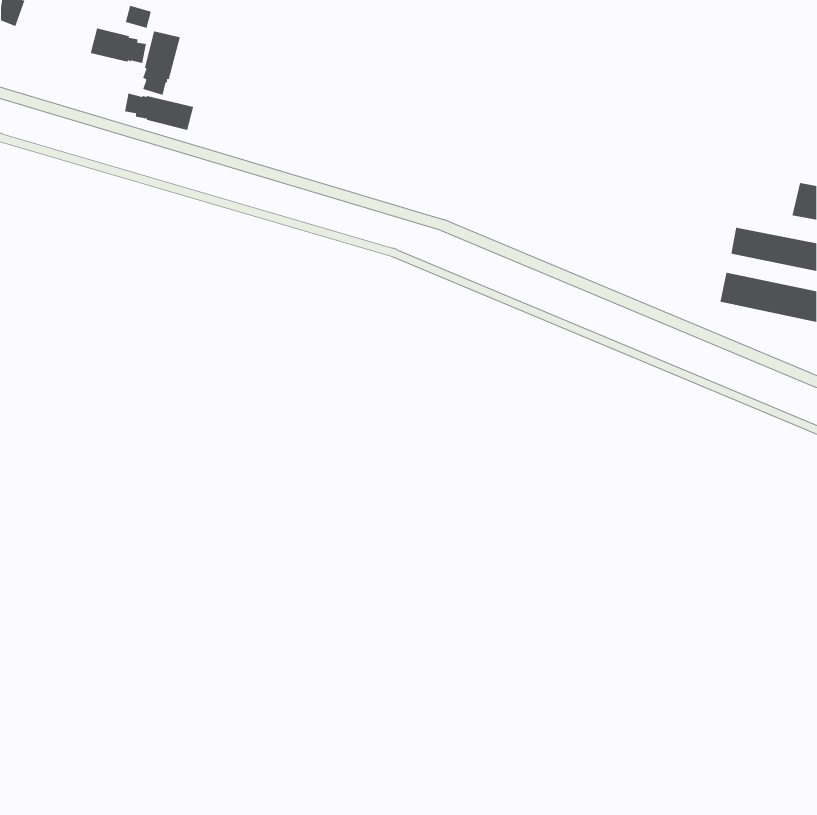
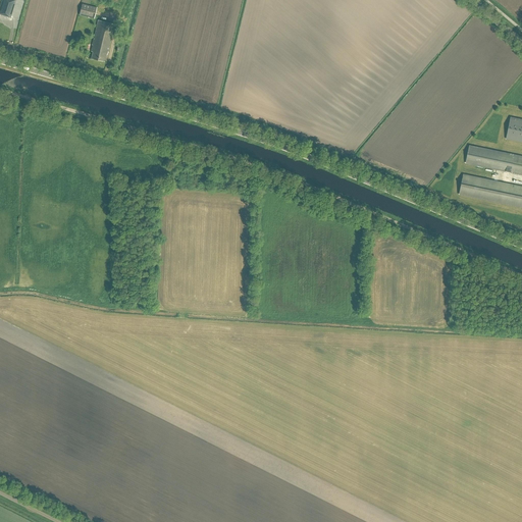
building: [90,28,147,64] -> none
building: [124,93,194,131] -> none

